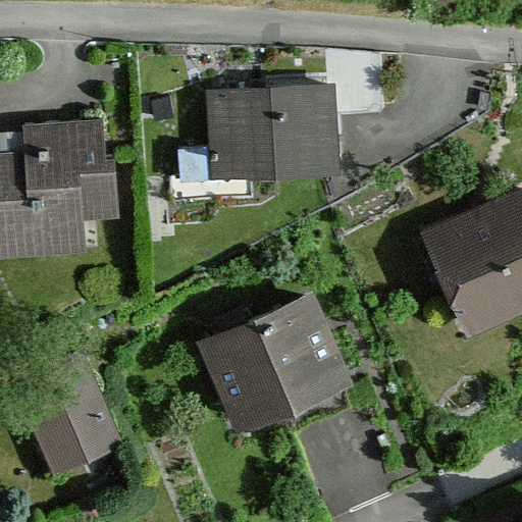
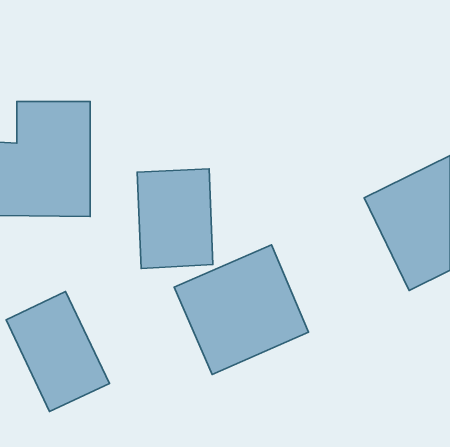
building: [209,87,338,180] -> none
building: none -> [137,169,213,268]

